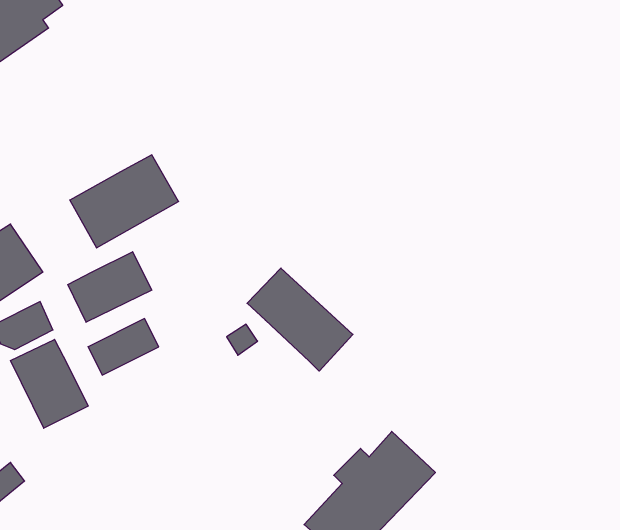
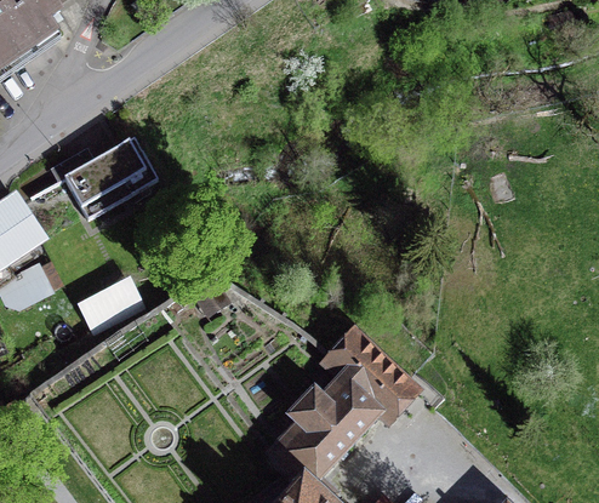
building: [68,252,152,322] -> none
building: [247,268,353,371] -> [324,333,415,422]
building: [11,339,88,428] -> none

